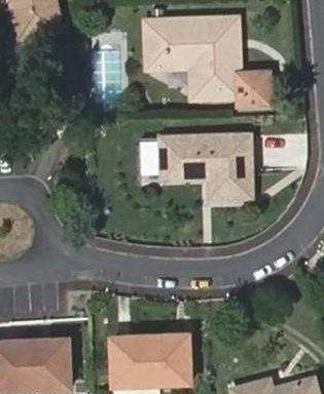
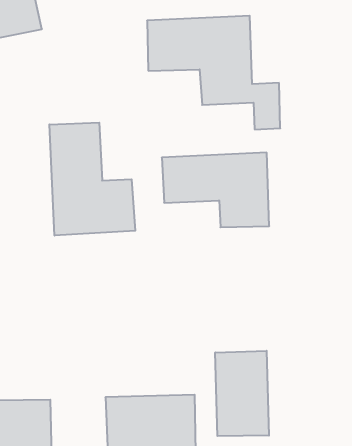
building: none -> [49,123,135,236]
building: none -> [215,351,269,436]

